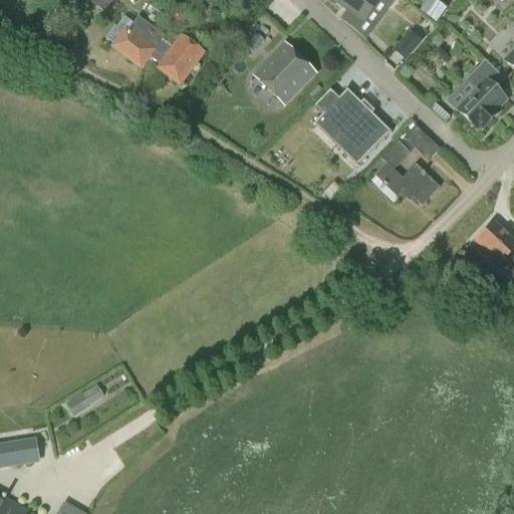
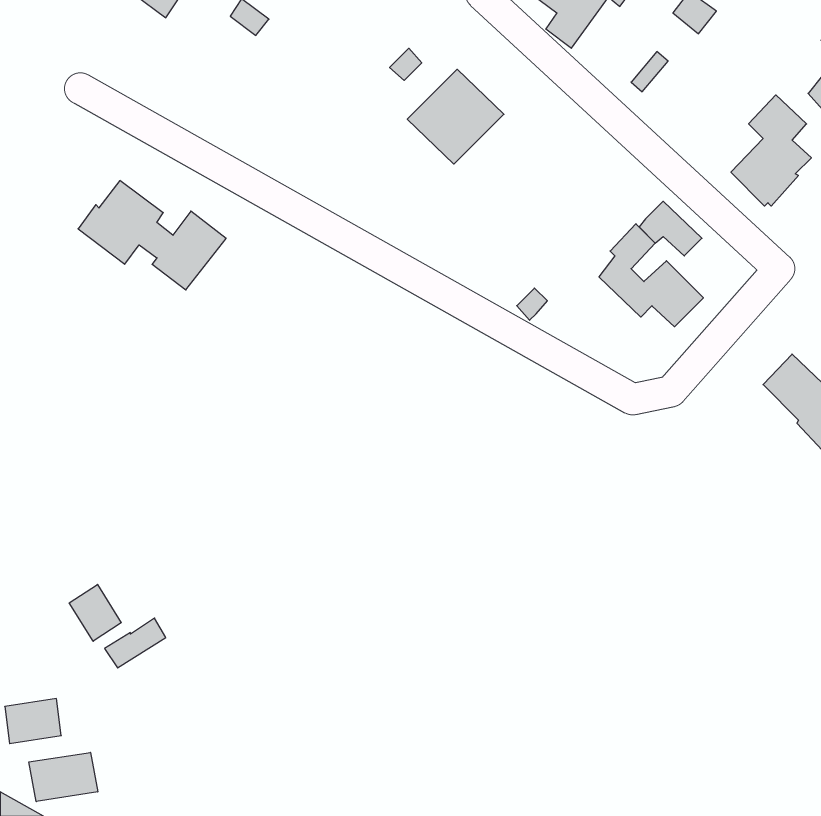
building: [111,15,204,83] -> [78,181,226,290]
building: [313,86,392,165] -> none
building: none -> [69,584,121,641]
building: none -> [29,752,98,802]

